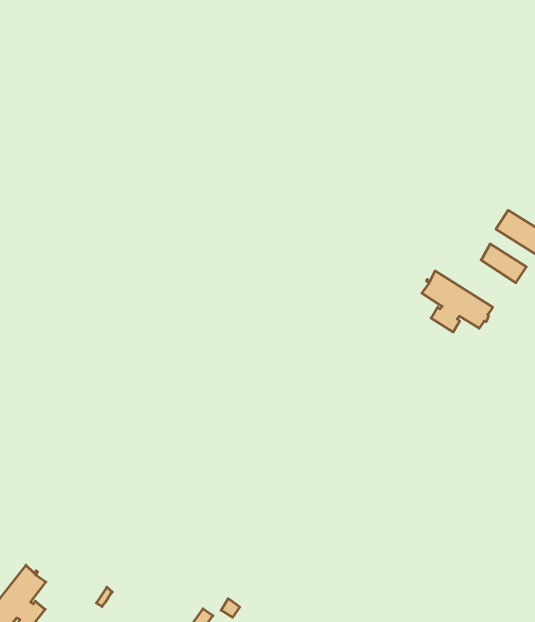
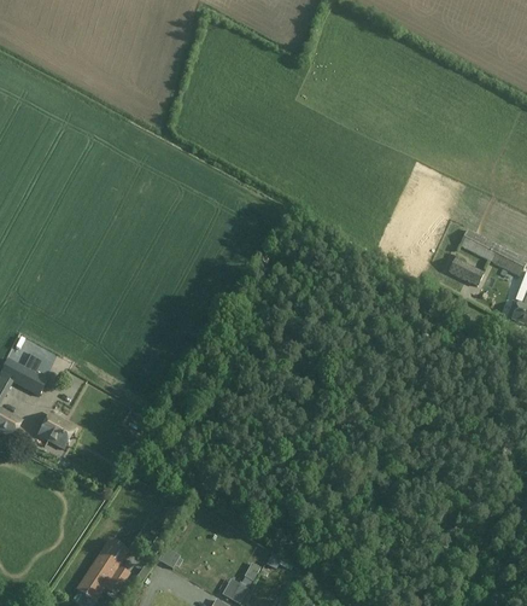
building: [422,271,493,332] -> none

